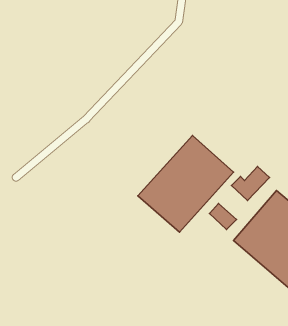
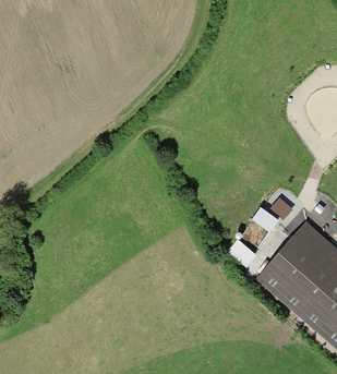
building: [138,136,233,232] -> none

